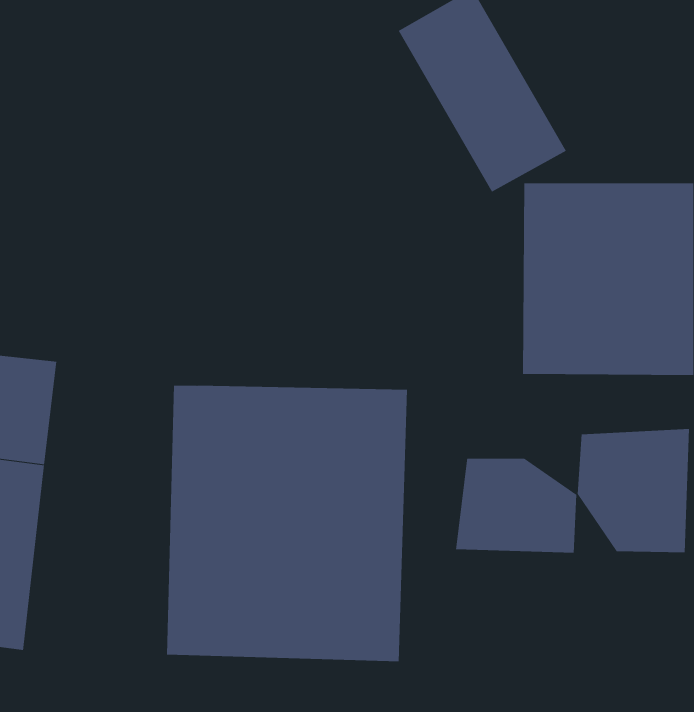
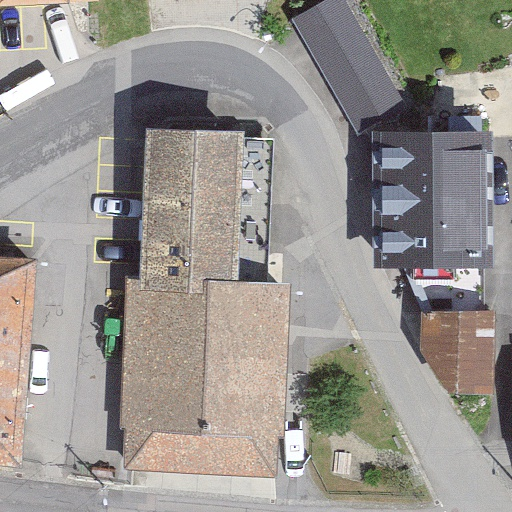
building: none -> [141,126,253,278]
building: [455,458,577,553] -> none

